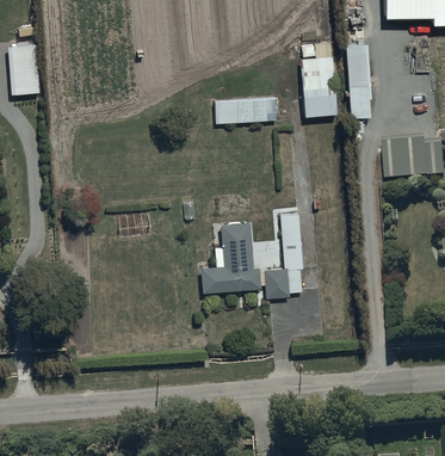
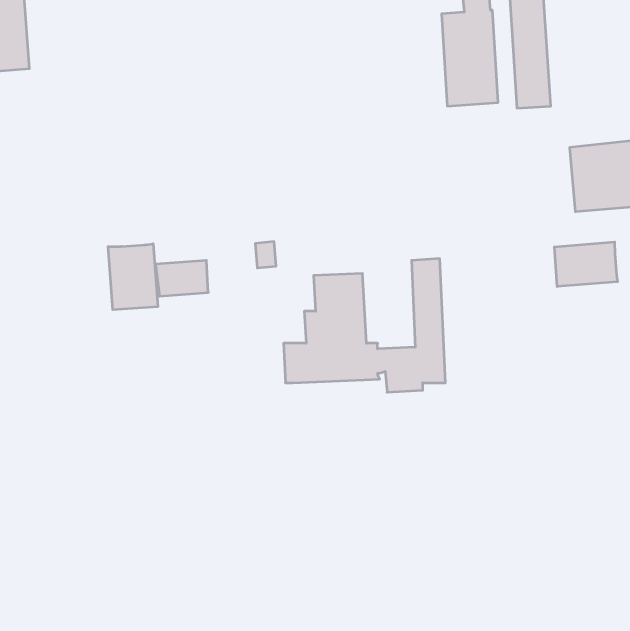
building: [215,95,278,123] -> none
building: none -> [554,242,618,287]
building: none -> [108,244,158,310]

